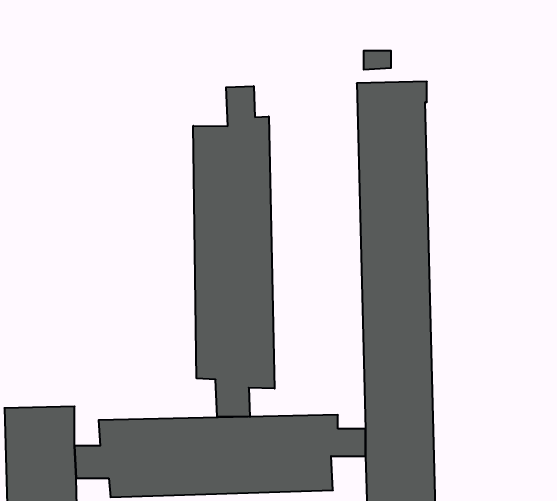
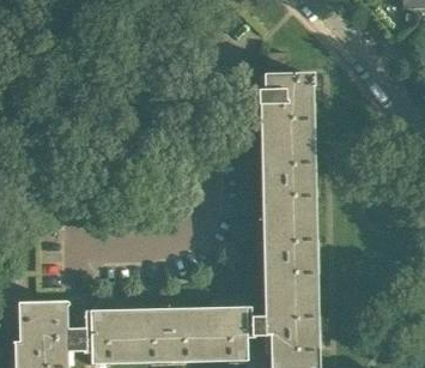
building: [193,86,275,417] -> none

